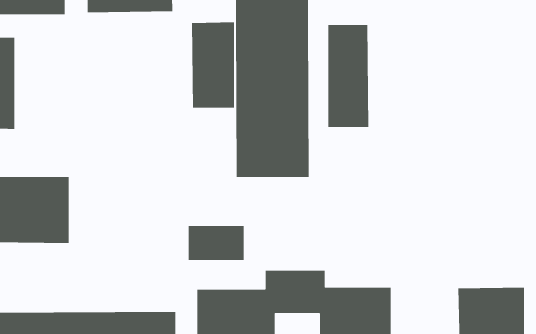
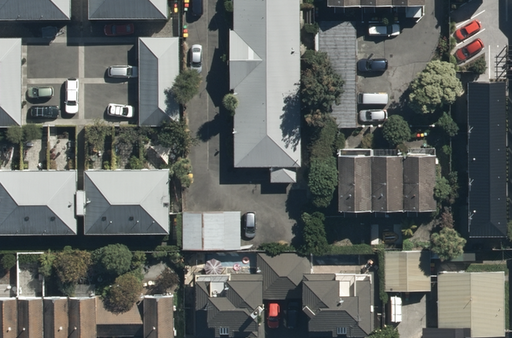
building: [191,22,235,108] -> [139,40,180,121]
building: none -> [471,86,506,237]
building: none -> [346,152,438,212]
building: none -> [81,170,168,233]
building: none -> [383,252,428,294]

